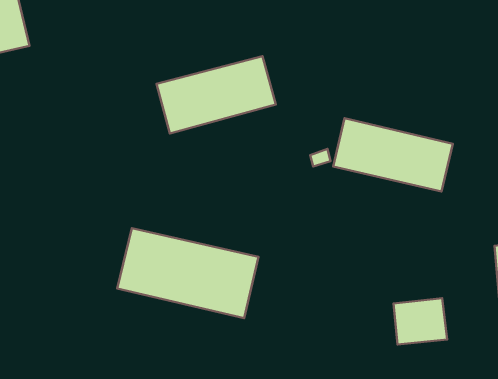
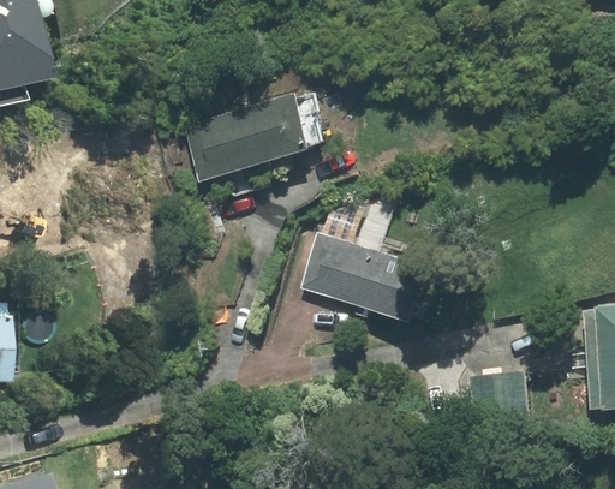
building: [333,118,453,191] -> [312,233,452,318]
building: [117,228,259,318] -> none

